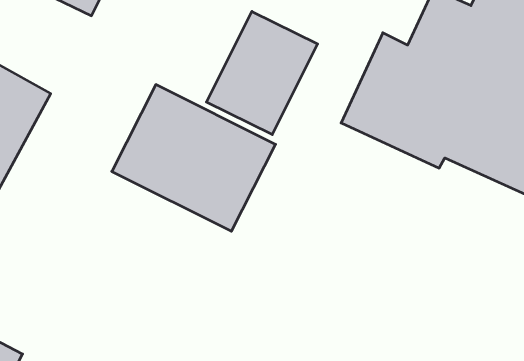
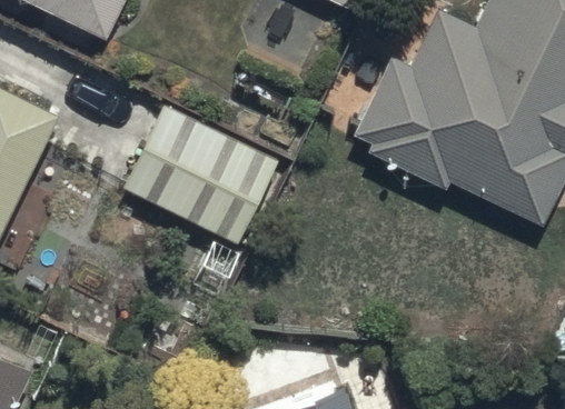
building: [206,11,318,135] -> none

